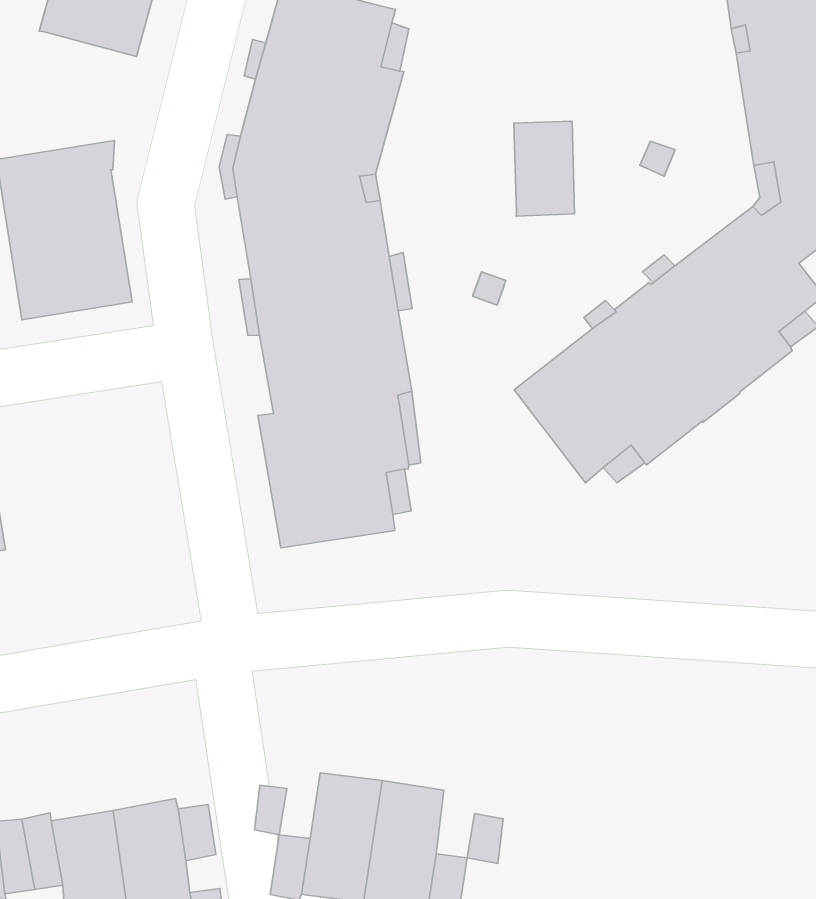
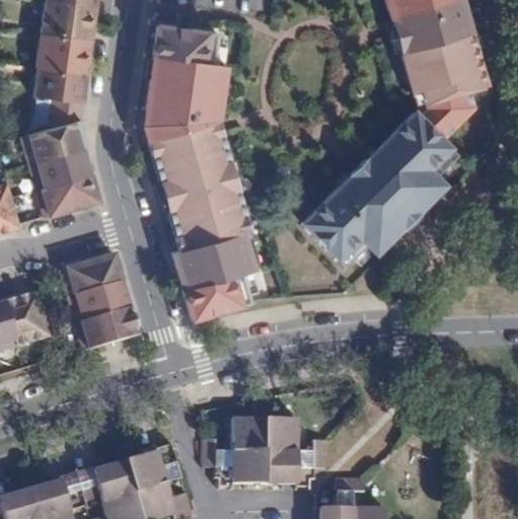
building: none -> [34,65,88,126]
building: [514,121,574,216] -> none
building: none -> [61,252,140,349]

